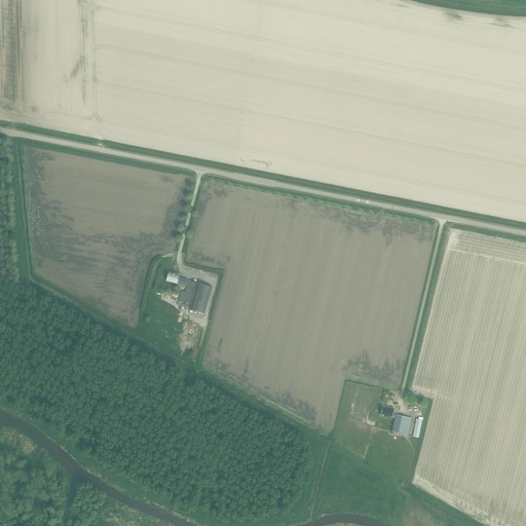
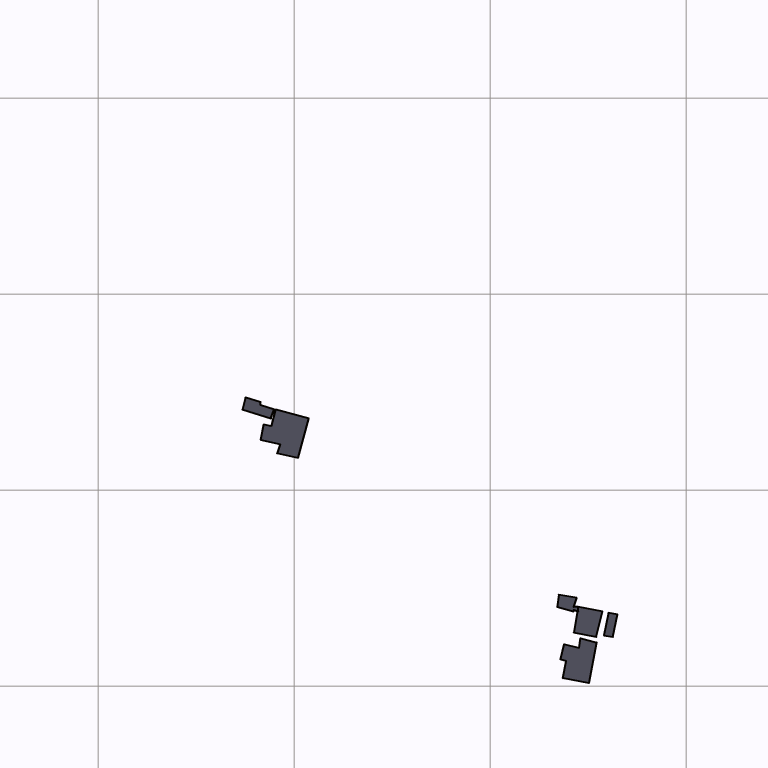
building: none -> [560,638,597,683]

